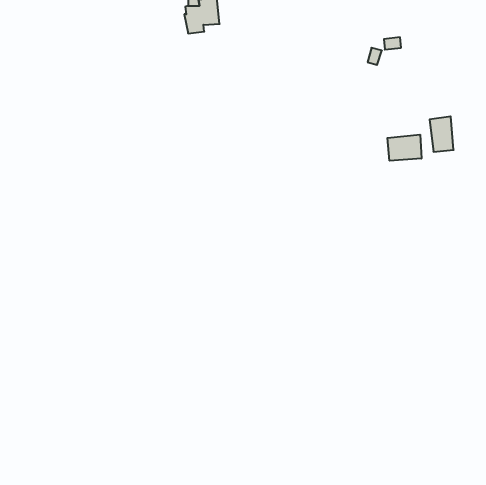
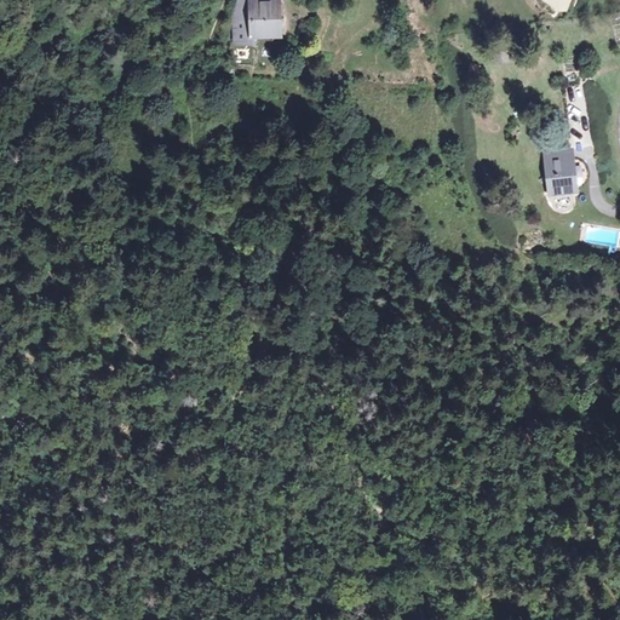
building: [387,135,421,161] -> none

